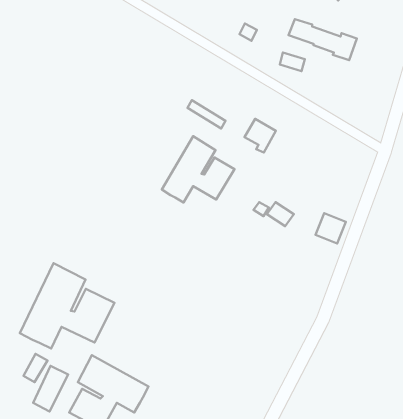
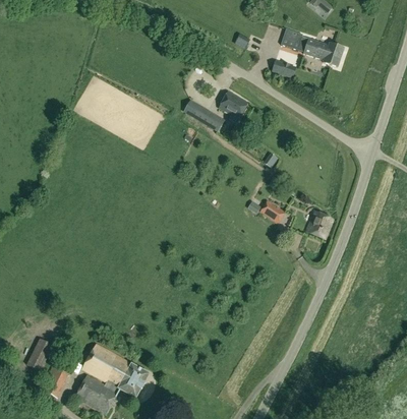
building: [244,119,276,152] -> [219,91,248,122]
building: [162,136,235,202] -> none
building: [20,263,114,349] -> none

